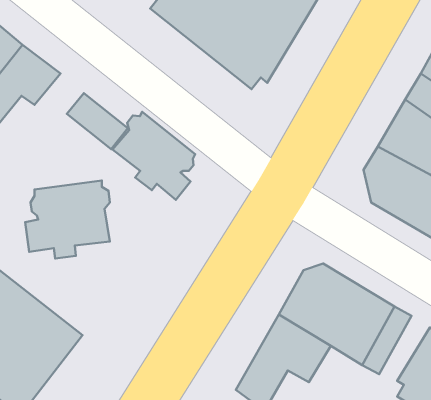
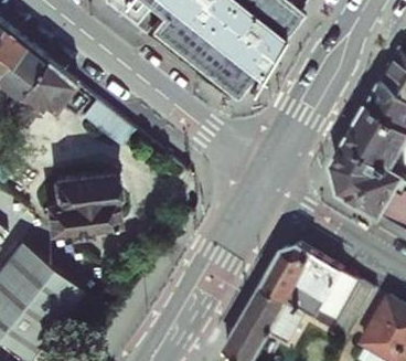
building: [112,112,195,200] -> none

